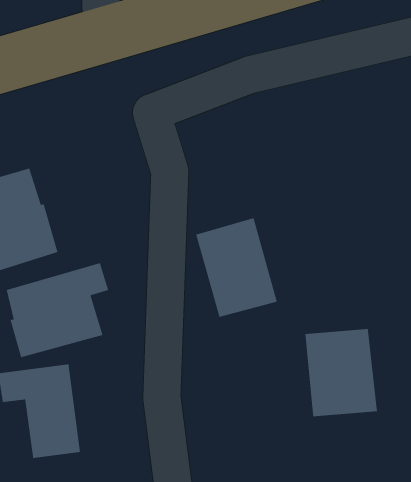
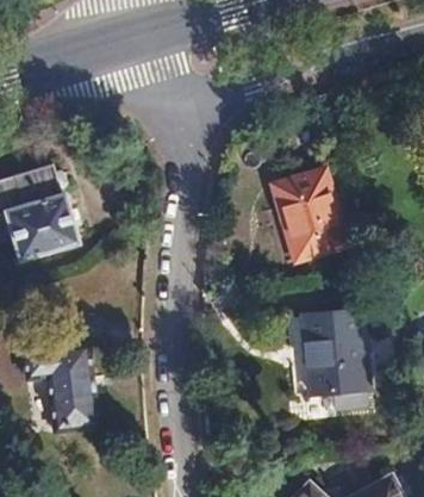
building: [195,217,278,318] -> [272,169,347,261]
building: [6,262,109,358] -> none

